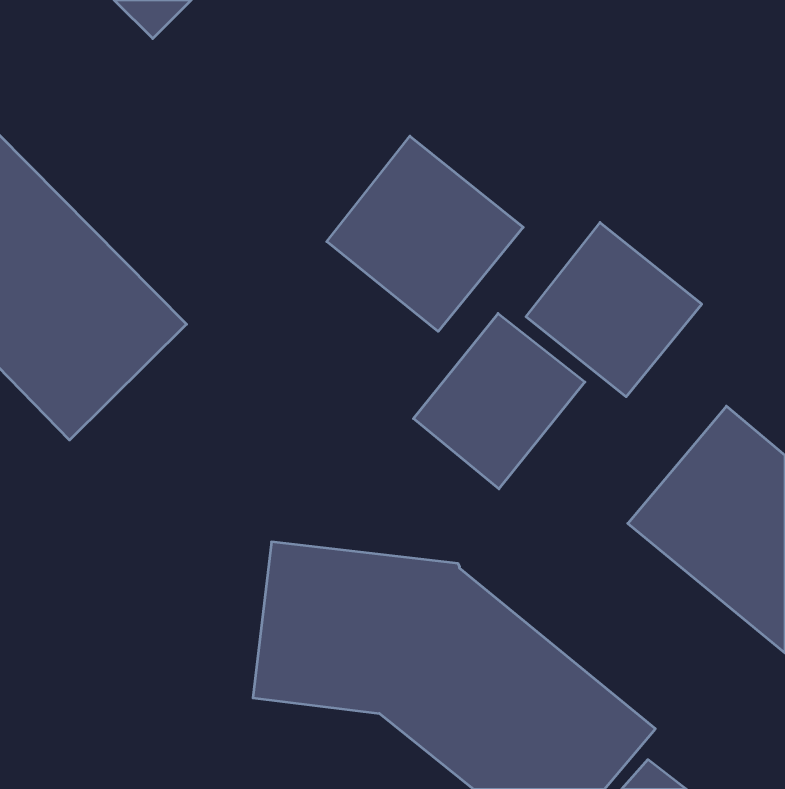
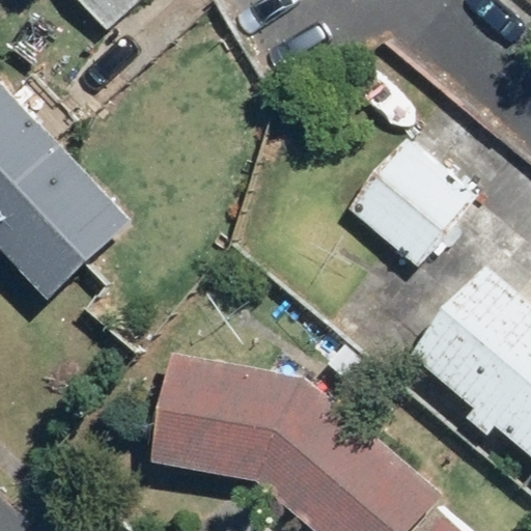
building: [327,136,523,331] -> none
building: [413,313,585,489] -> none

